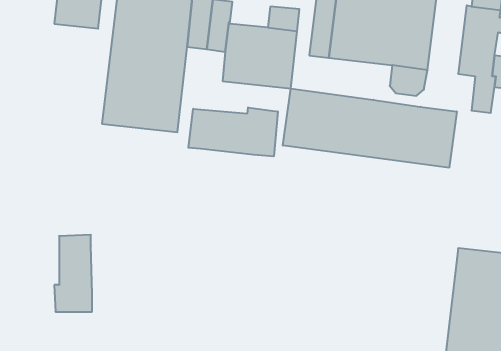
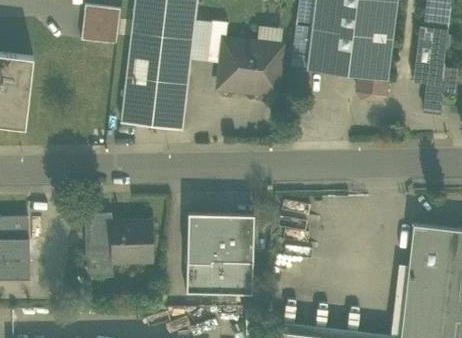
building: [283,88,457,168] -> none
building: [188,107,278,156] -> none
building: none -> [186,213,254,295]
building: none -> [112,222,152,262]

